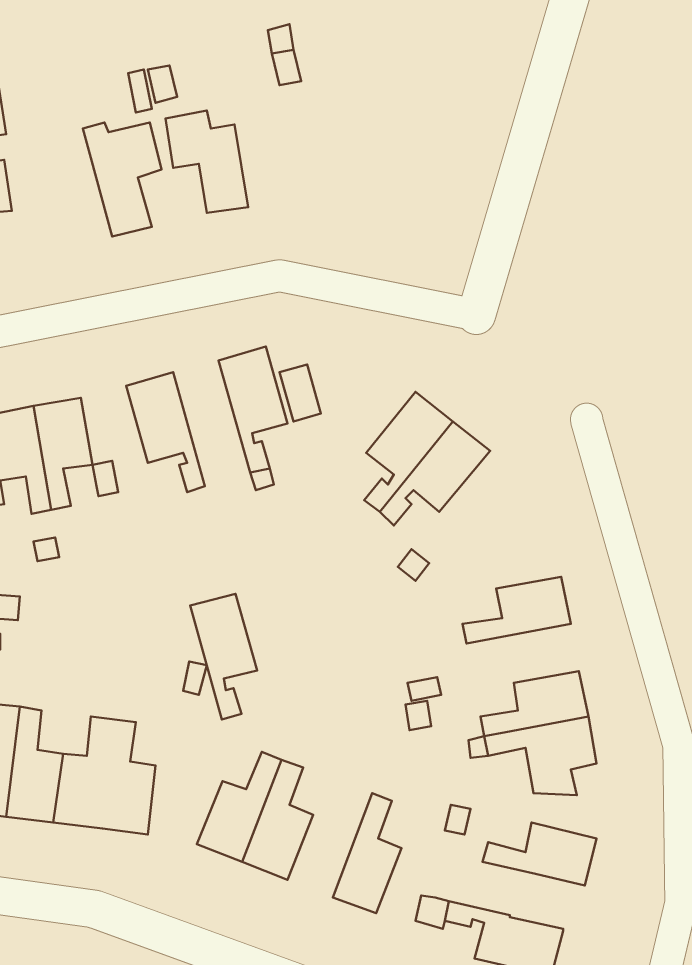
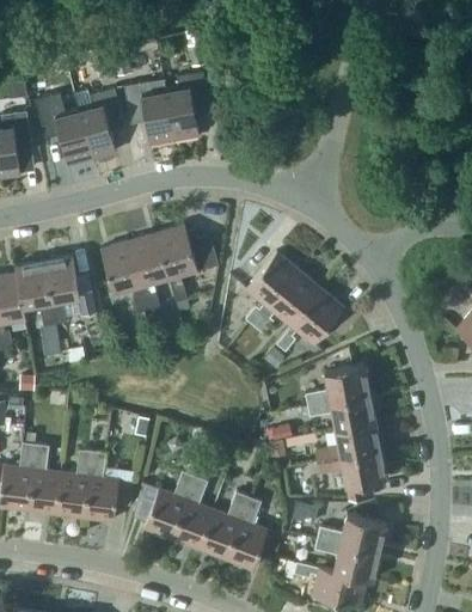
building: none -> [166,71,209,139]
building: none -> [35,92,92,164]
building: none -> [276,287,344,350]
building: [190,594,257,720] -> [129,232,170,308]
building: none -> [307,392,375,428]
building: none -> [198,490,250,558]
building: none -> [314,537,379,580]

